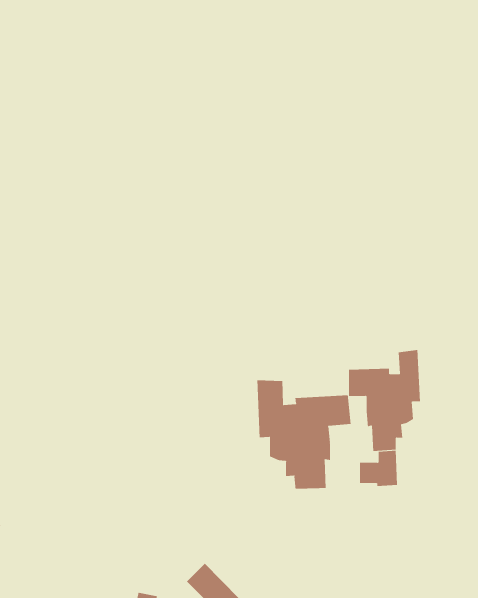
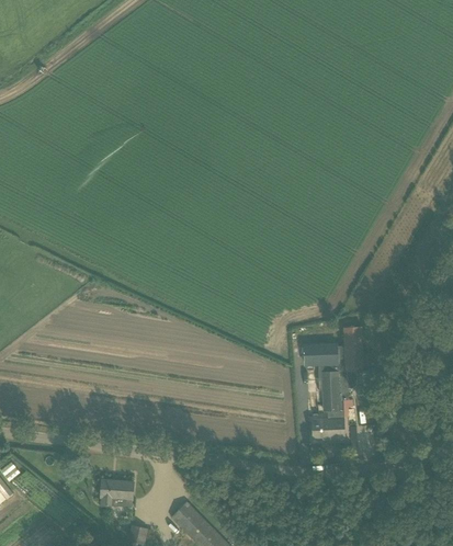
building: [257,380,351,489] -> none
building: none -> [99,479,133,507]

